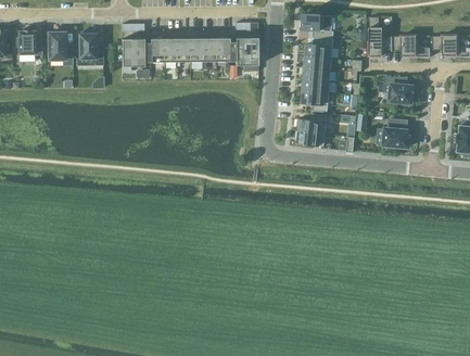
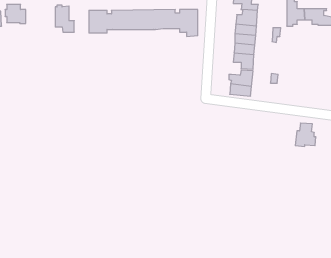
building: [49,33,73,65] -> none
building: [379,75,414,105] -> none
building: [383,118,409,148] -> [295,123,316,146]

